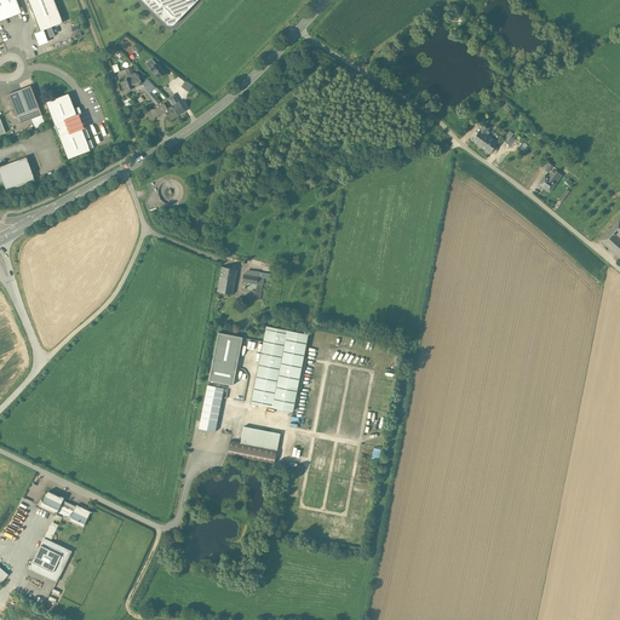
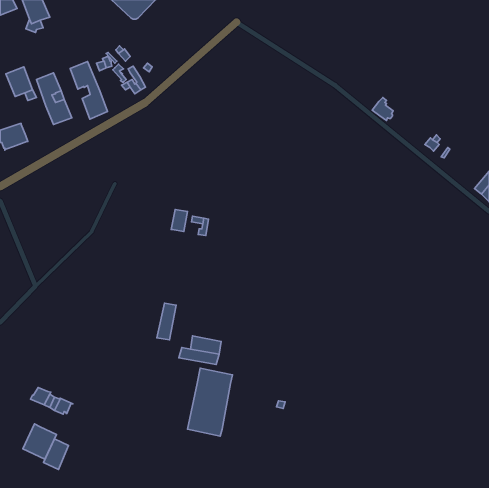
building: none -> [70,62,108,119]
building: [251,325,308,411] -> [188,368,233,436]
building: [209,332,242,384] -> none
building: none -> [44,439,68,470]

